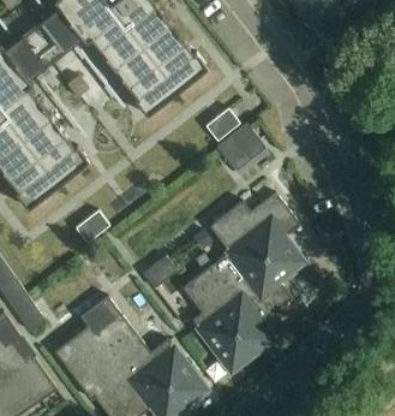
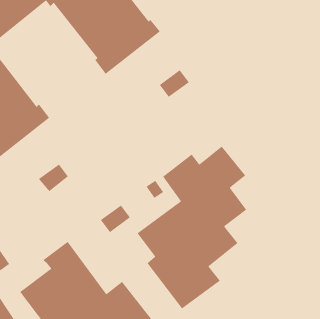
building: [214,123,264,172] -> none

